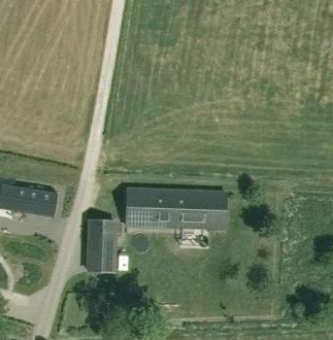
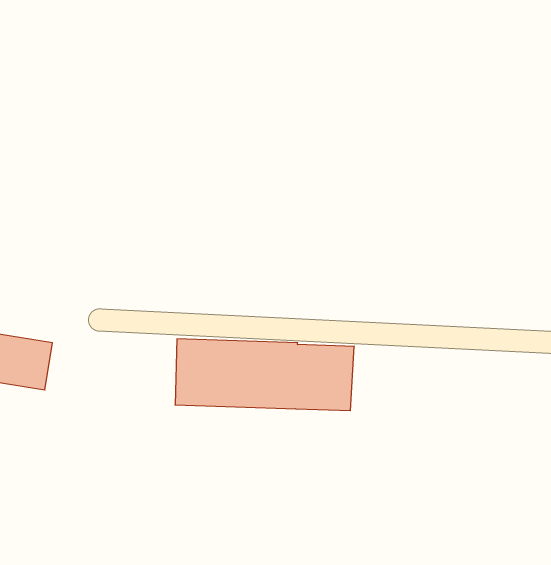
building: [85,219,115,272] -> none

